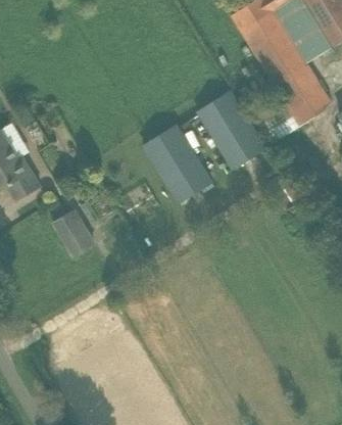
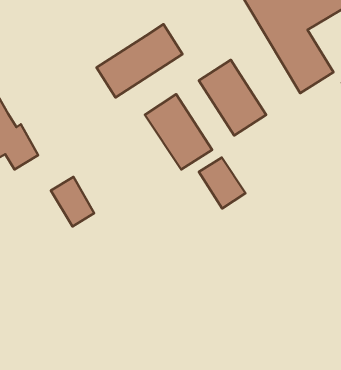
building: none -> [96,24,183,97]
building: none -> [199,158,246,208]

